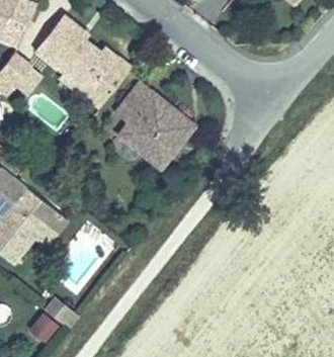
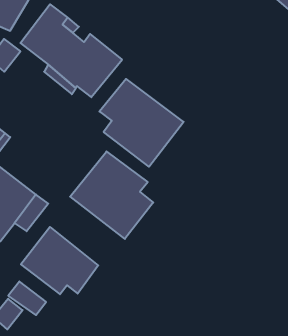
building: none -> [70,151,153,239]
building: none -> [21,227,98,294]

